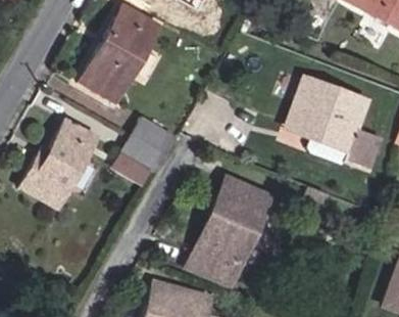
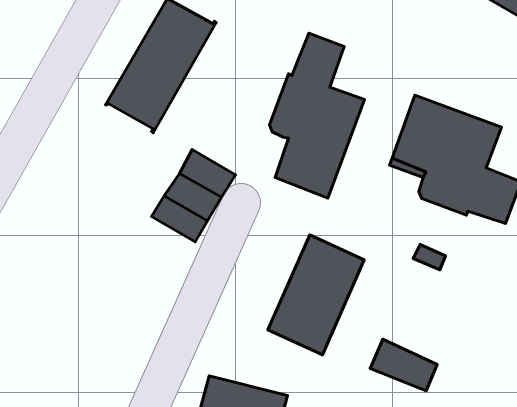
building: none -> [270,33,365,198]
building: [19,117,97,207] -> none
building: [188,247,237,285] -> [370,339,437,391]

